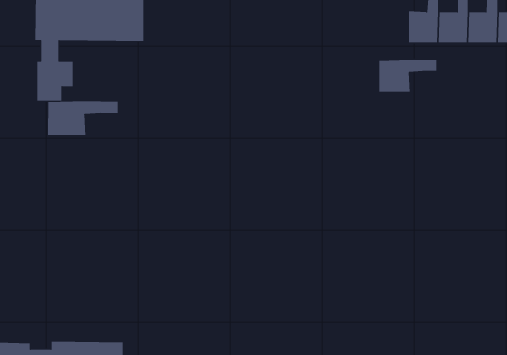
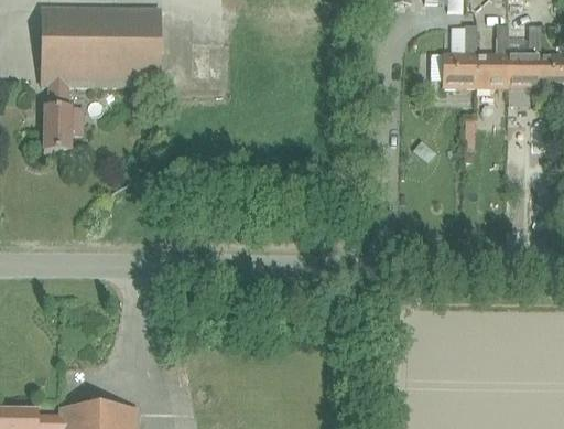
building: [379,59,437,92] -> none
building: [47,101,118,136] -> none

